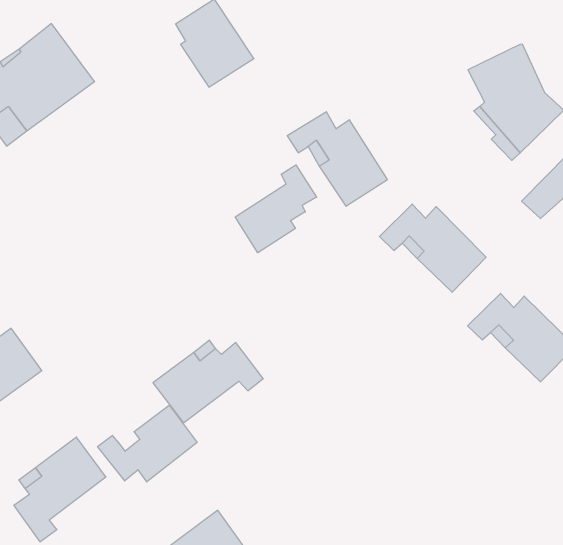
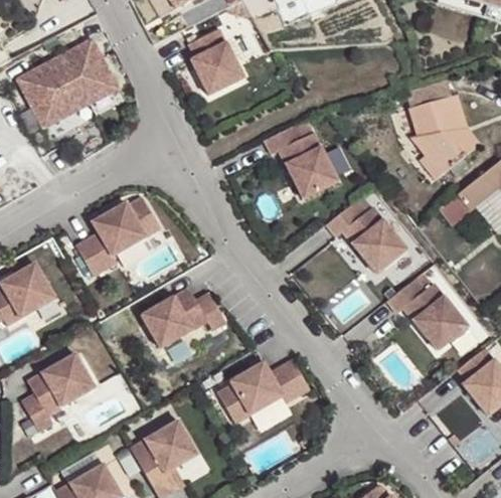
building: [235,165,317,253] -> none
building: none -> [72,198,158,277]
building: [98,405,197,482] -> none
building: none -> [216,359,309,425]

